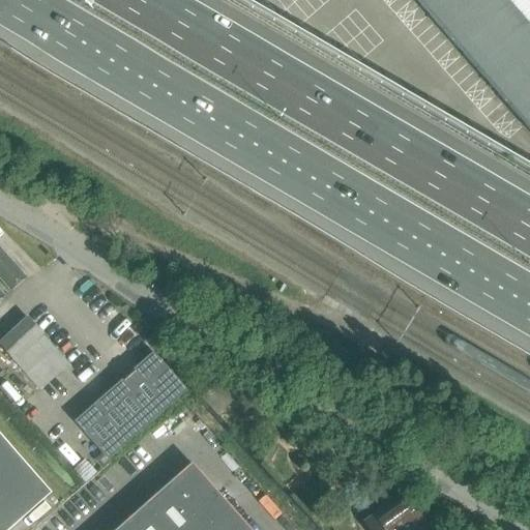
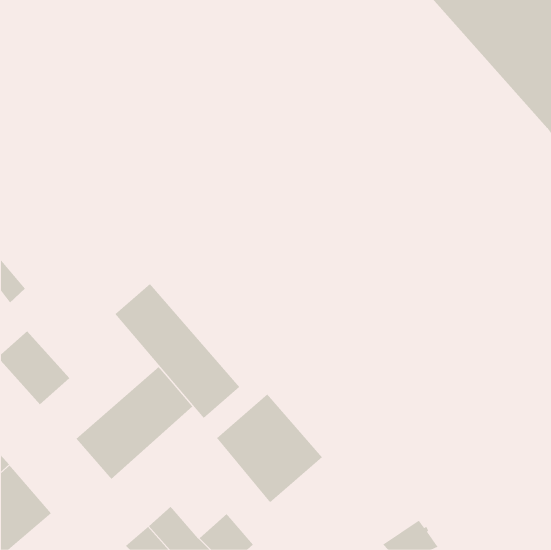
building: none -> [115,283,240,419]
building: none -> [216,393,323,503]
building: [165,462,218,516] -> none

